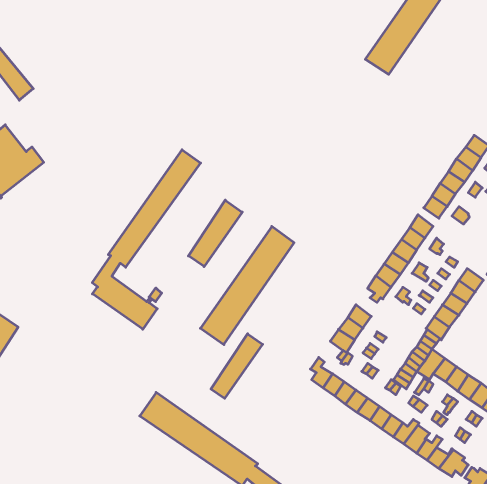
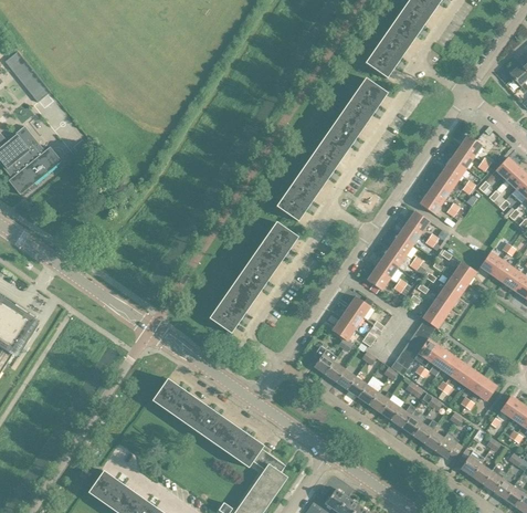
building: none -> [276,77,387,221]
building: [92,150,201,329] -> none
building: [188,200,242,267] -> none
building: [211,334,263,398] -> none

